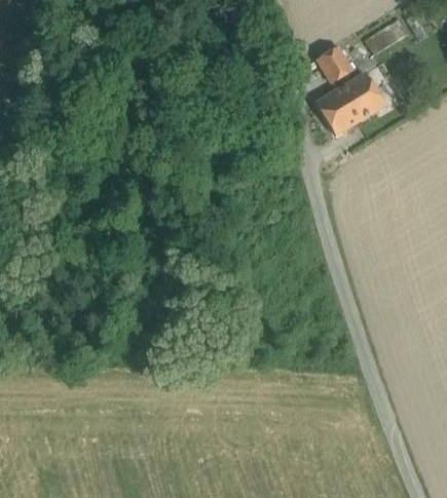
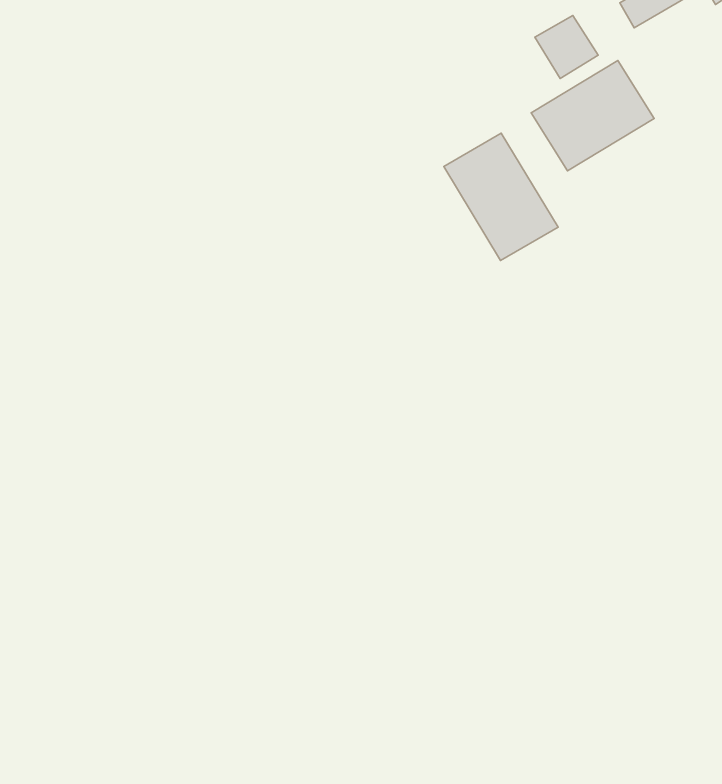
building: none -> [444,133,558,260]

